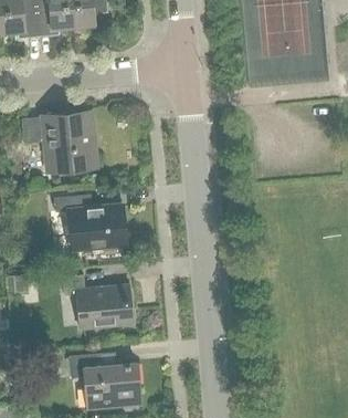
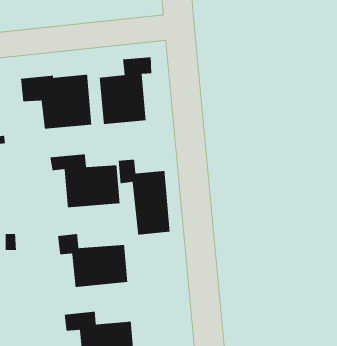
building: none -> [99,56,152,125]
building: none -> [118,159,170,236]

